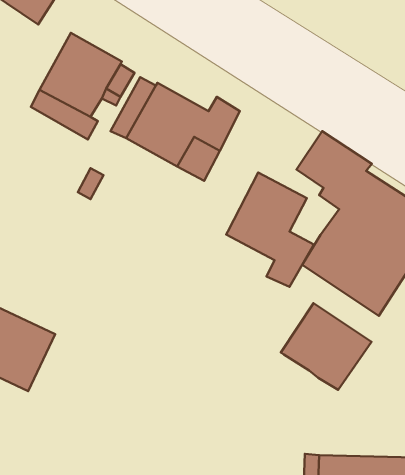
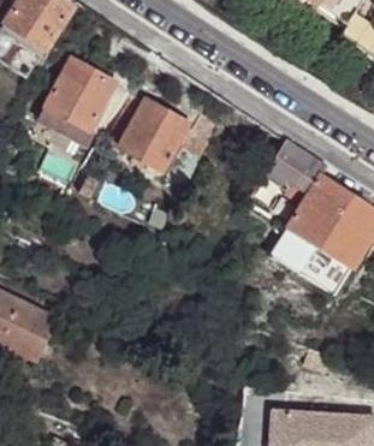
building: [226,173,314,287] -> none
building: [281,303,371,390] -> none

